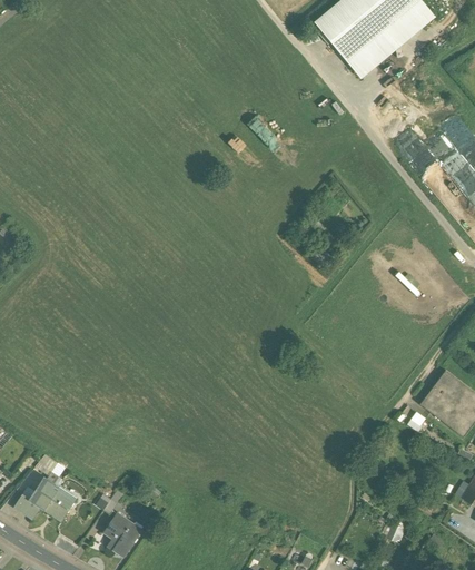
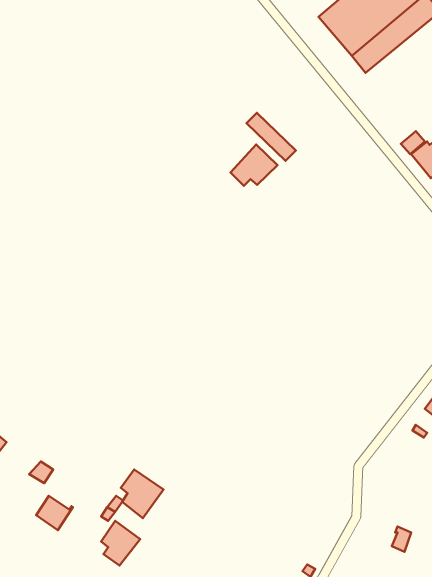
building: none -> [231,145,277,186]
building: none -> [121,470,164,518]
building: [13,479,56,519] -> none

